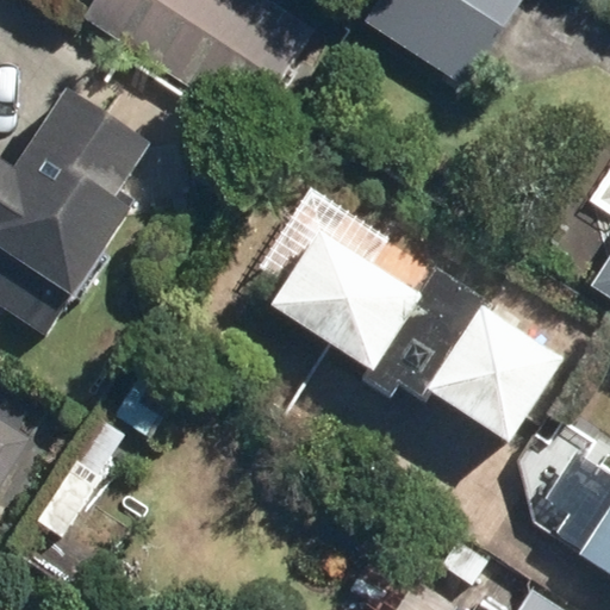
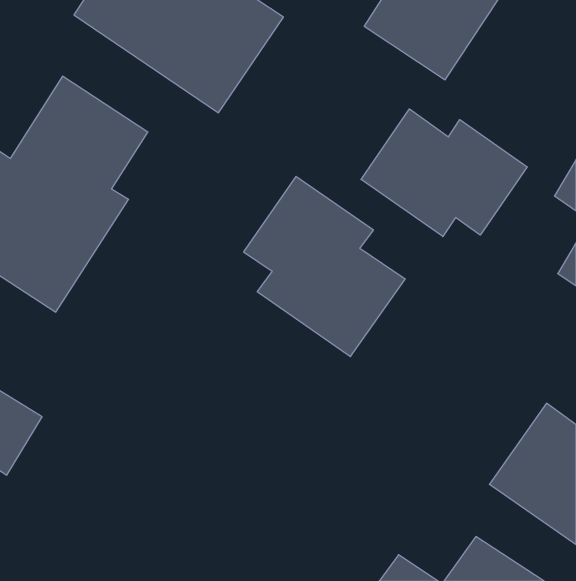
building: none -> [361,109,527,237]
building: [429,303,564,438] -> none

